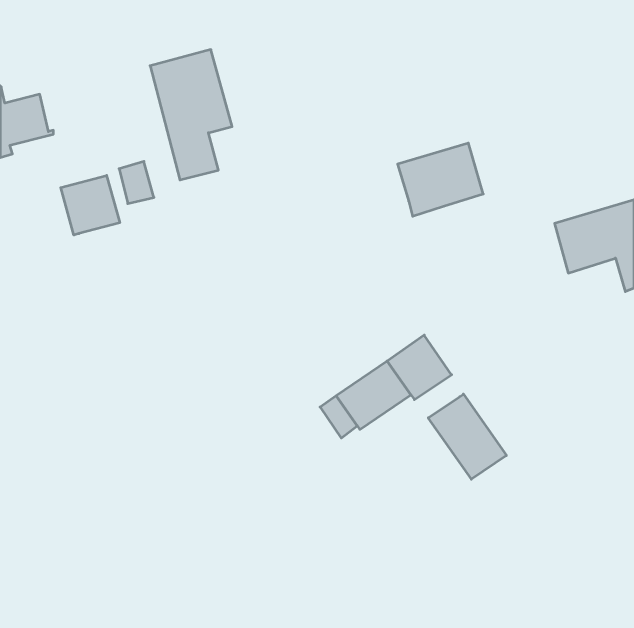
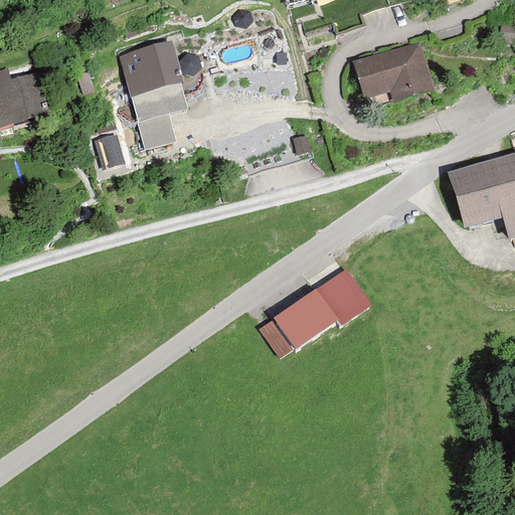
building: [398,143,483,216] -> [356,45,425,105]
building: [61,175,120,235] -> none
building: [428,394,506,479] -> none

